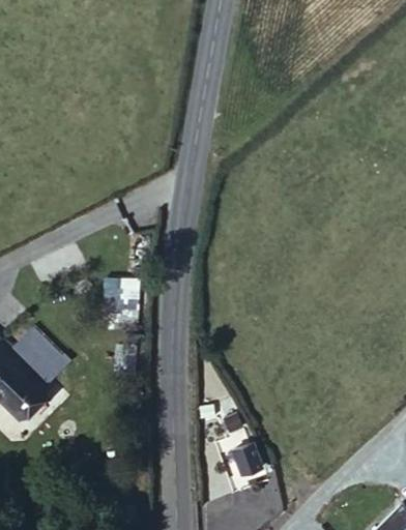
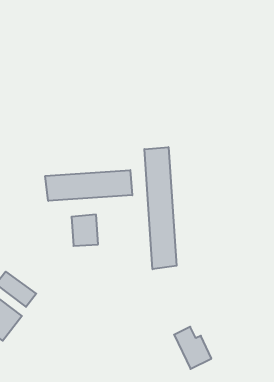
building: none -> [144,147,177,269]
building: none -> [45,170,132,201]

